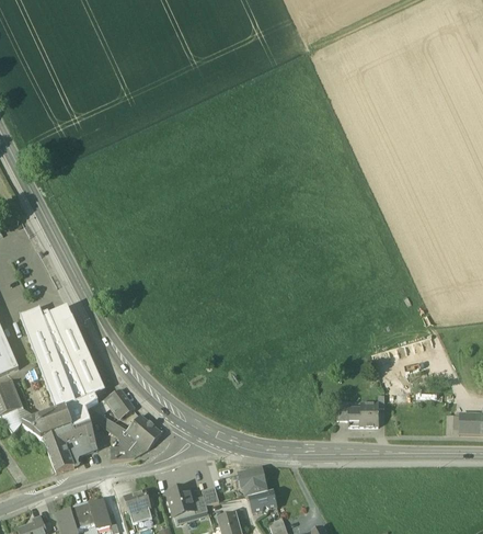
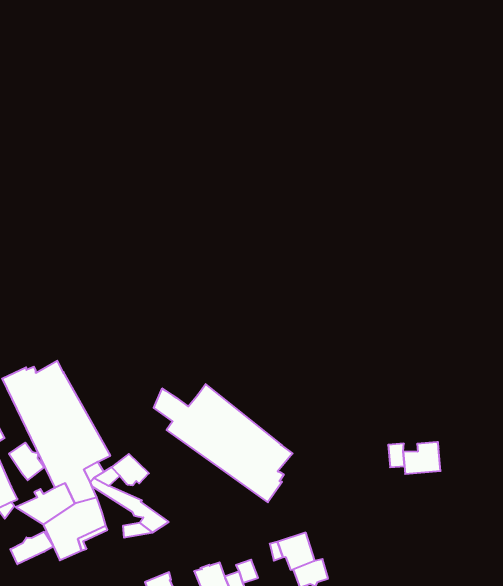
building: none -> [154,384,293,502]
building: none -> [9,443,44,480]
building: [126,413,161,447] -> none
building: none -> [10,532,53,564]

